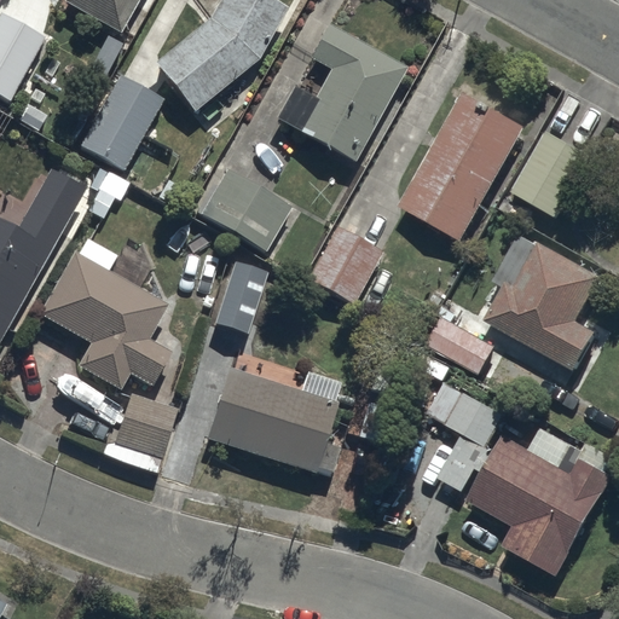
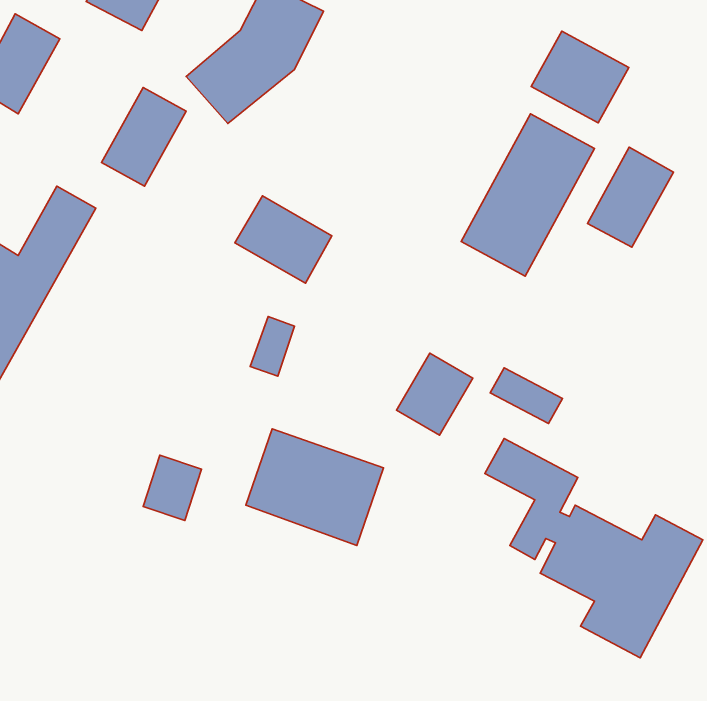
building: [274,24,405,163] -> none
building: none -> [531,31,629,123]
building: [310,227,376,299] -> [396,353,473,435]
building: [490,236,597,368] -> none
building: [51,254,170,387] -> none

